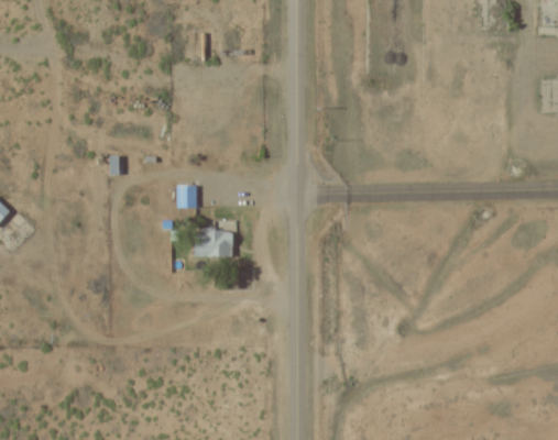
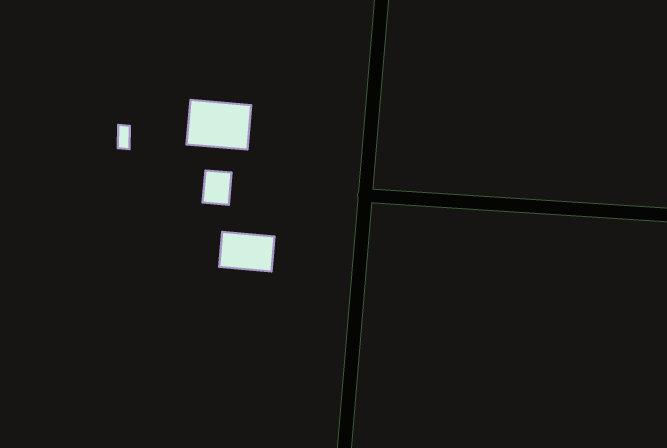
building: none -> [187,100,251,150]

